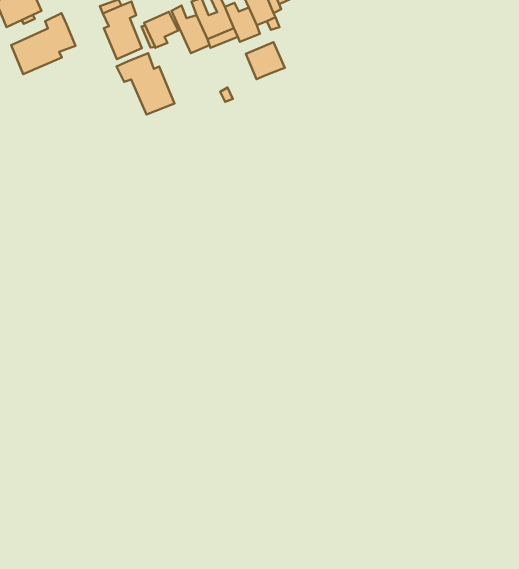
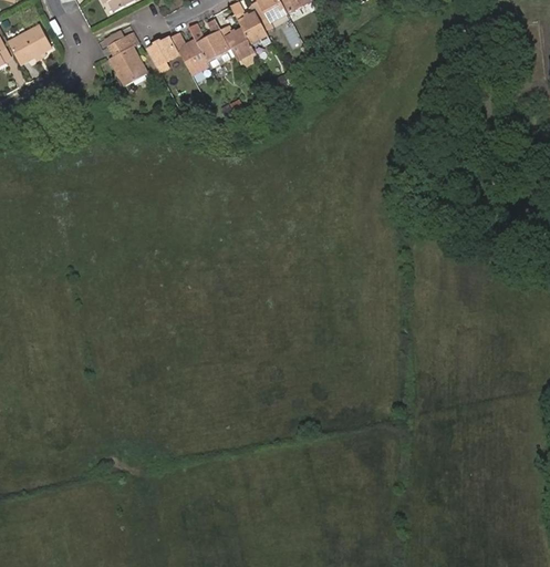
building: [11,13,76,74] -> none
building: [246,42,285,79] -> none
building: [117,53,175,114] -> none

